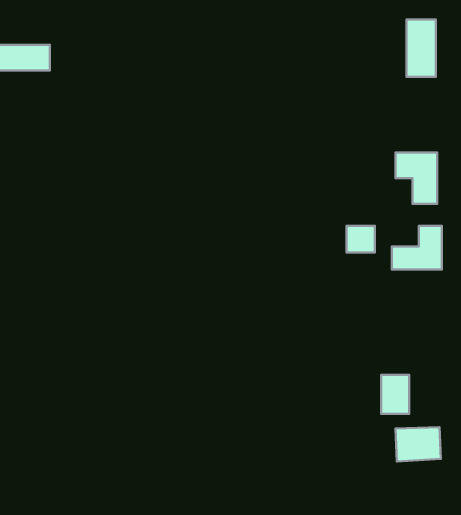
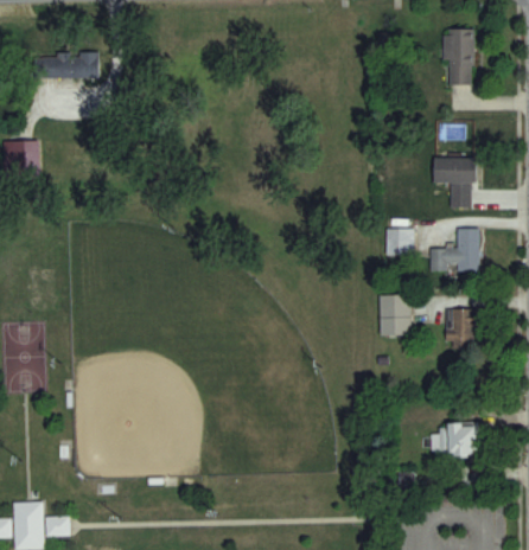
building: none -> [381,295,410,335]
building: [381,375,409,414] -> [447,309,474,347]

